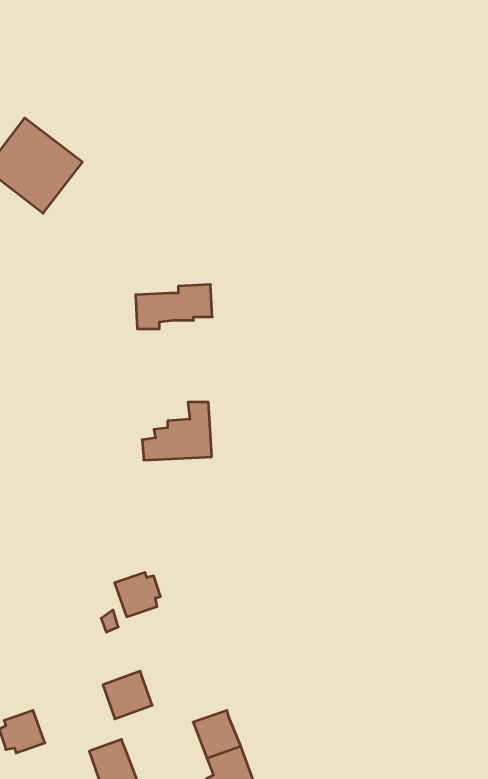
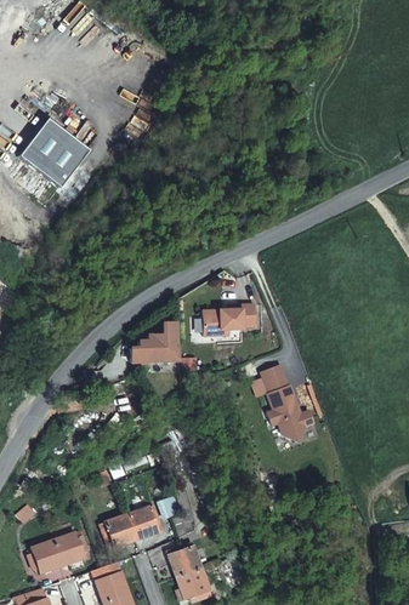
building: [136,285,212,329] -> [203,303,257,335]
building: none -> [261,364,316,439]
building: [115,573,161,617] -> [130,507,163,538]
building: none -> [53,533,87,565]

